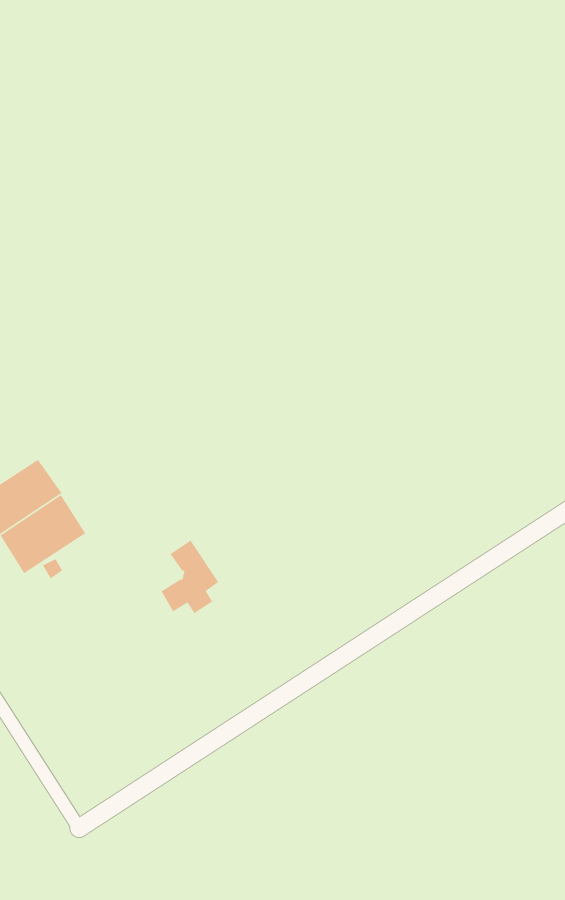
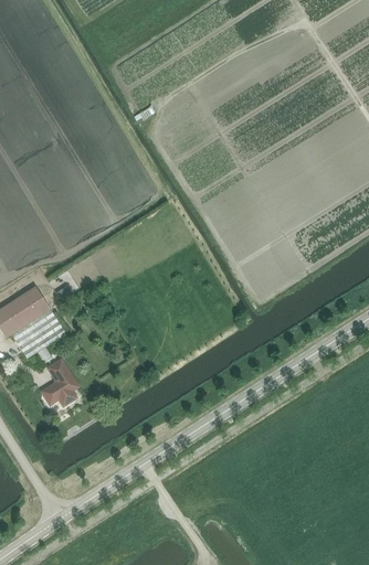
building: [160,540,219,614] -> [43,359,80,405]

